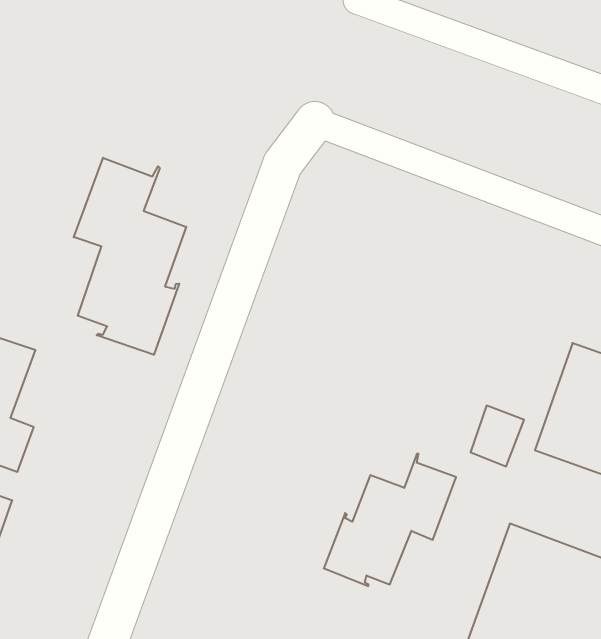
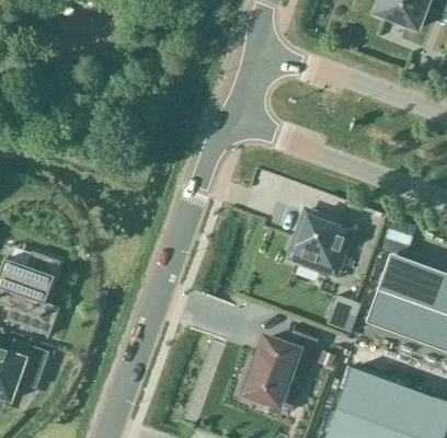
building: [74,158,186,355] -> none
building: none -> [289,210,354,275]

